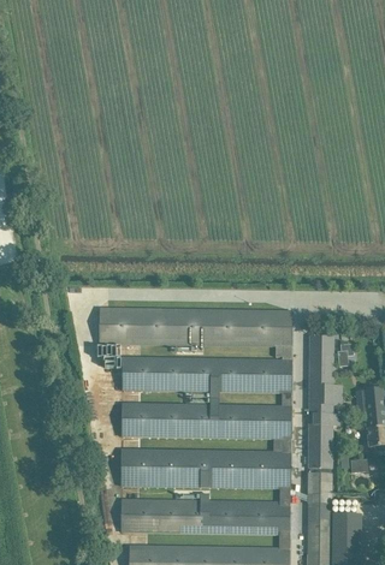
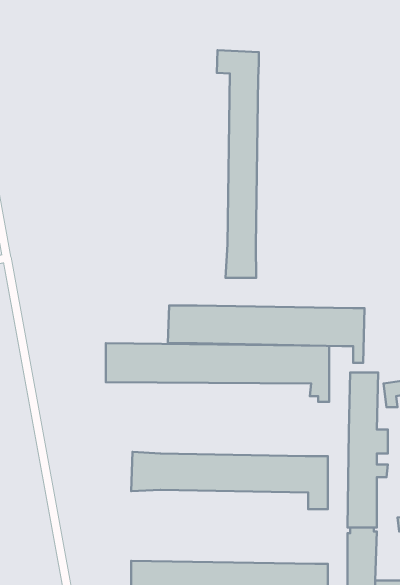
building: none -> [217,50,259,278]
building: [122,357,291,406] -> [168,306,364,363]
building: [119,448,290,499] -> none

